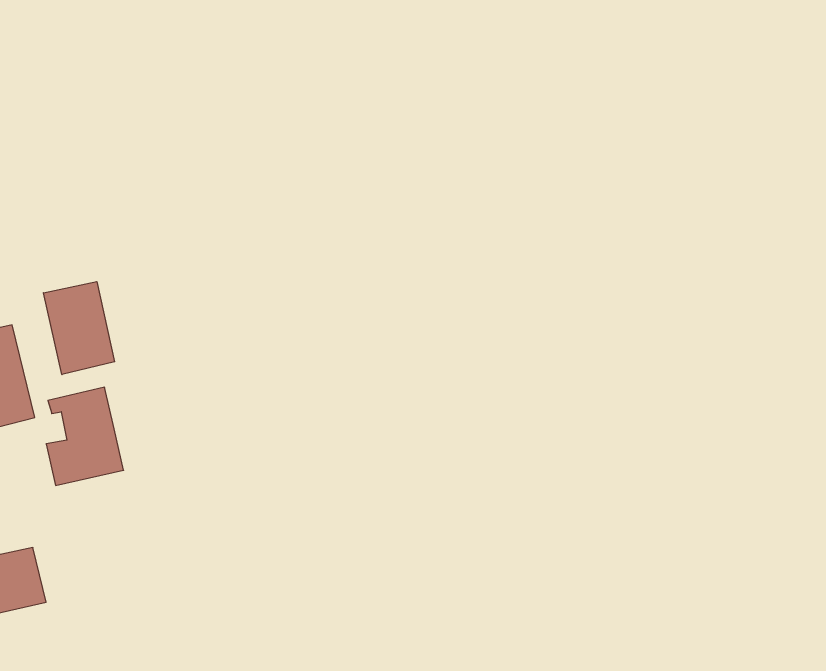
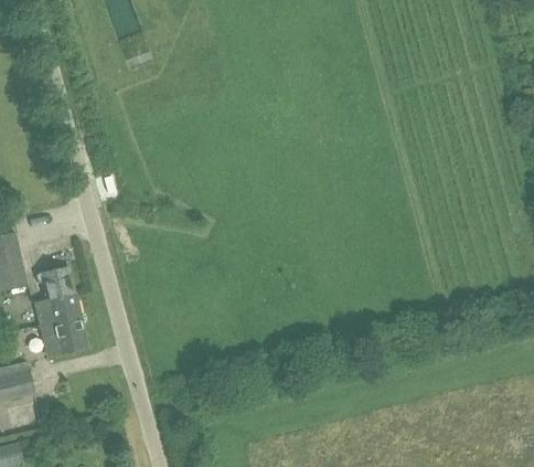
building: [43,282,115,375] -> none
building: none -> [39,317,85,358]

